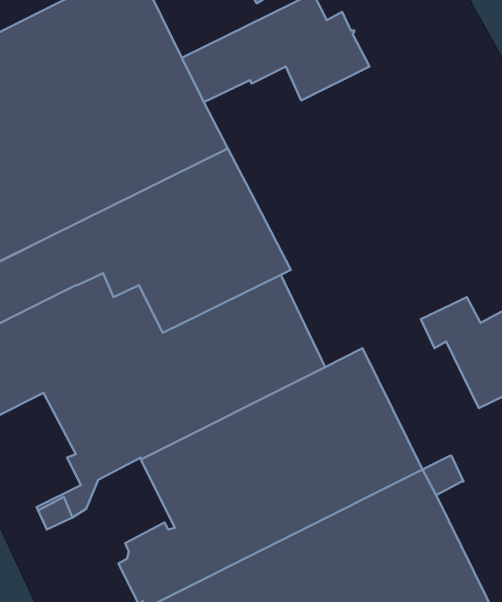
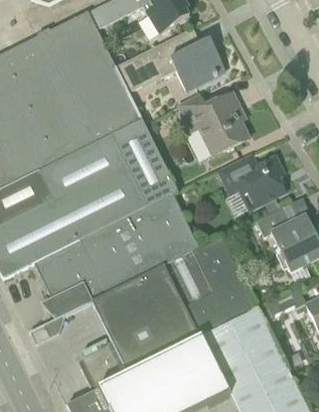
building: none -> [178,92,249,156]
building: none -> [218,156,285,207]

